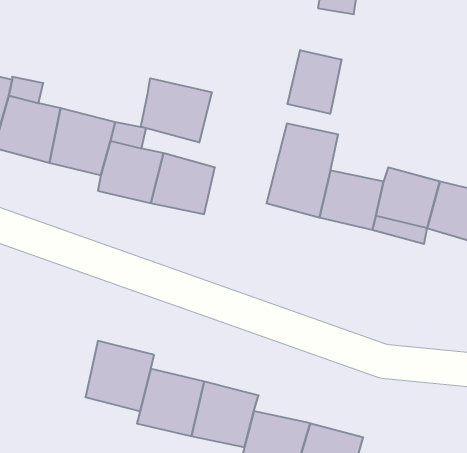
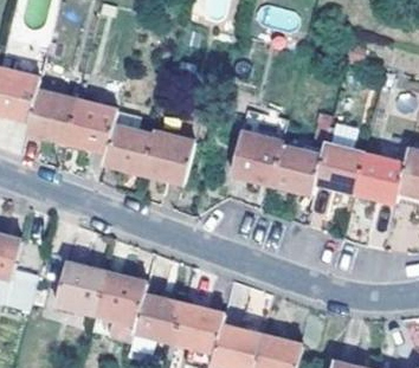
building: [287,50,342,114] -> none
building: [141,78,212,143] -> none
building: none -> [51,264,99,316]

